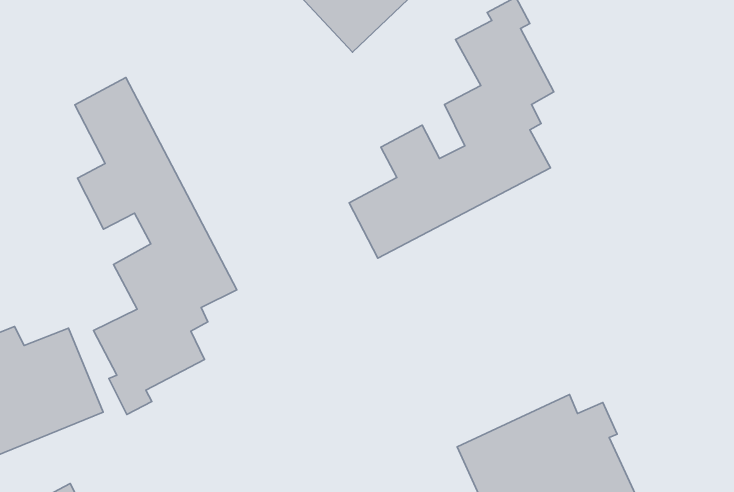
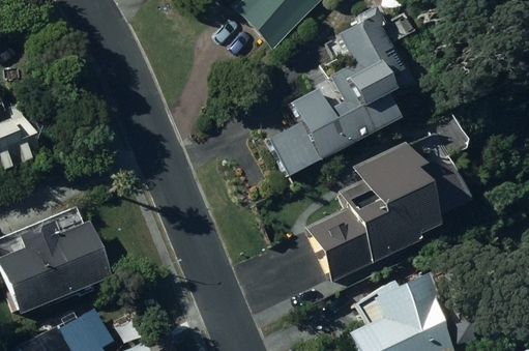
building: [75,78,237,414] -> none
building: none -> [306,136,463,282]

